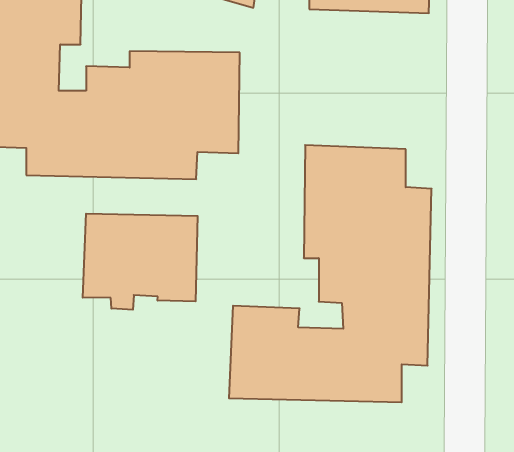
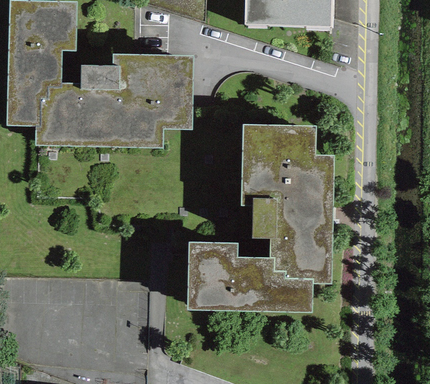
building: [83,214,198,310] -> none

